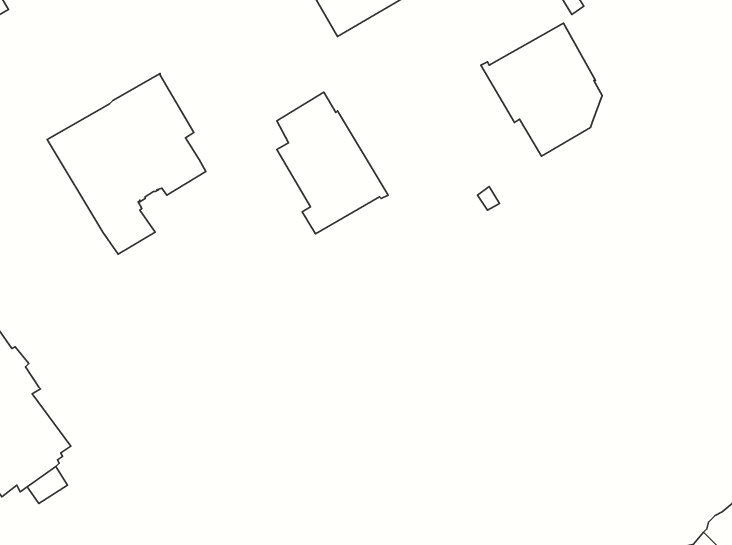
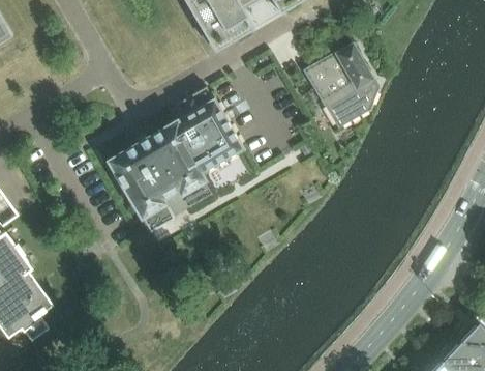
building: [47,74,206,254] -> [108,120,205,231]

